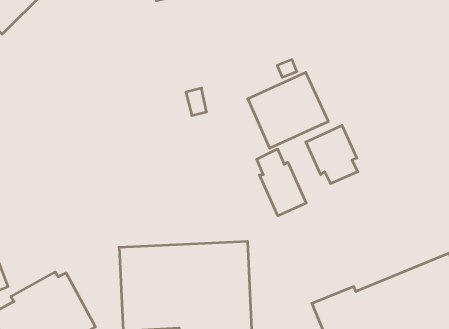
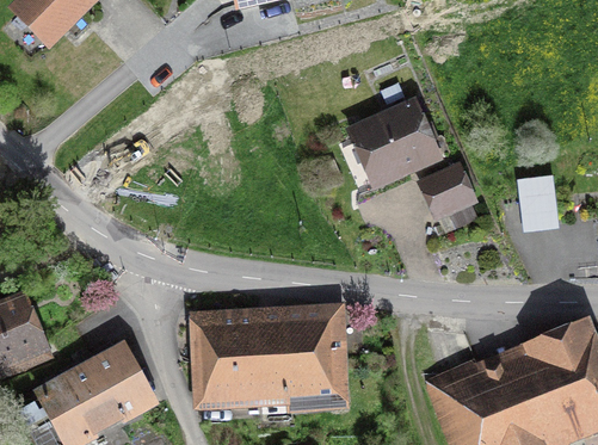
building: none -> [516,173,559,233]
building: [257,149,306,216] -> none

